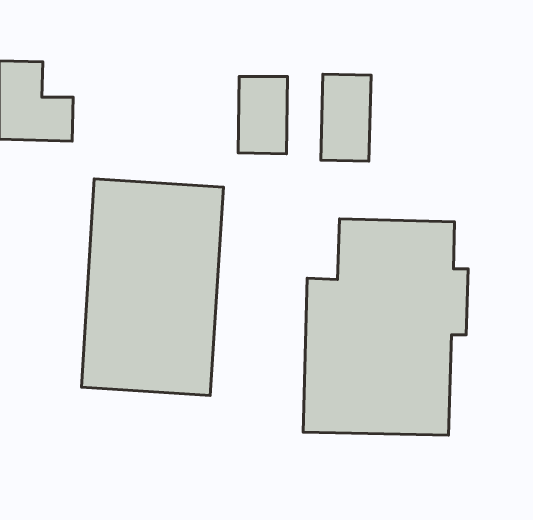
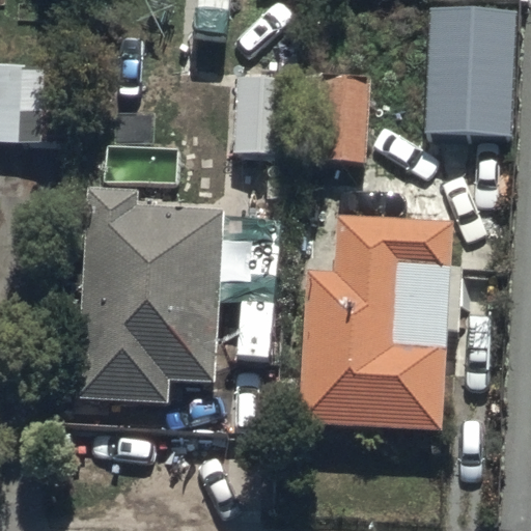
building: none -> [426,8,513,135]

